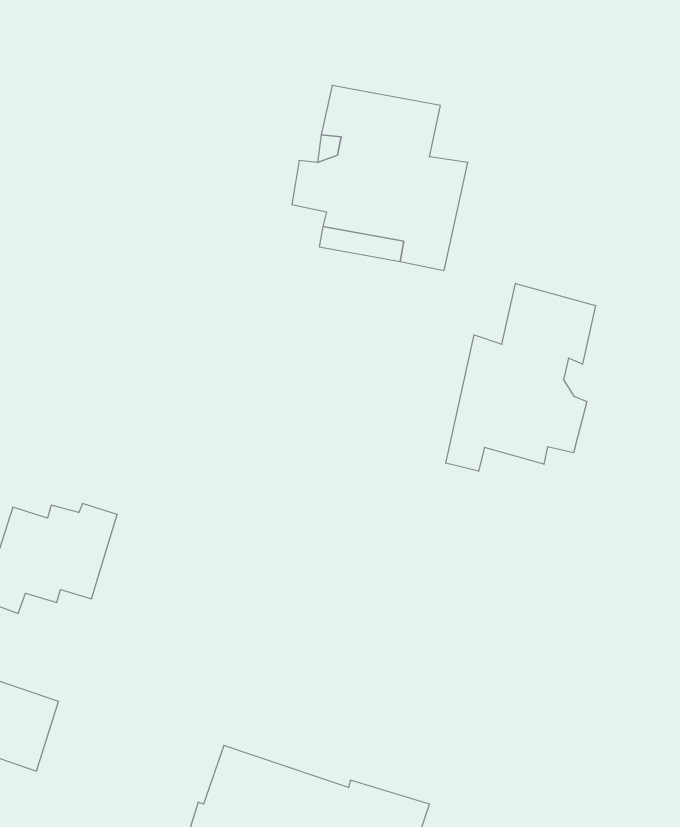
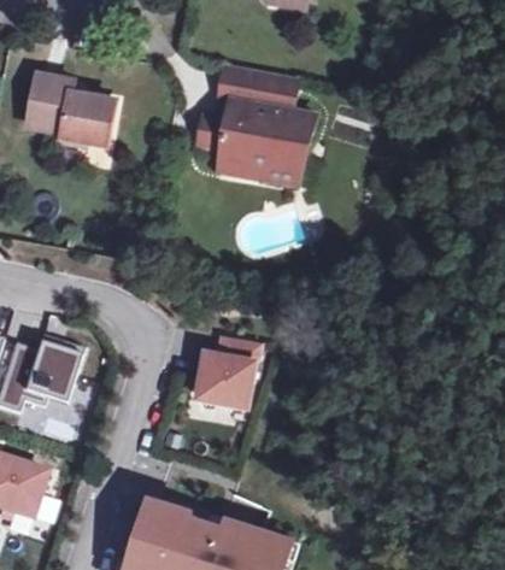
building: none -> [24,74,112,145]
building: [446,283,595,471] -> none
building: none -> [198,335,259,406]

